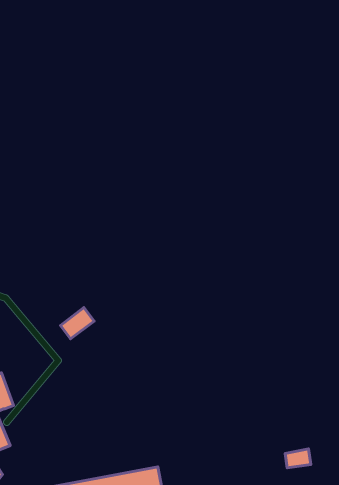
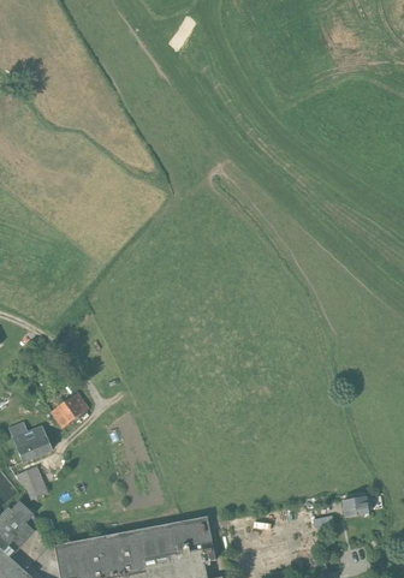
building: [61,308,94,339] -> [52,394,88,428]

